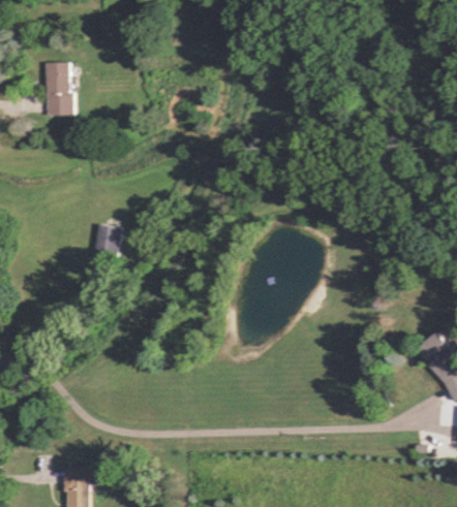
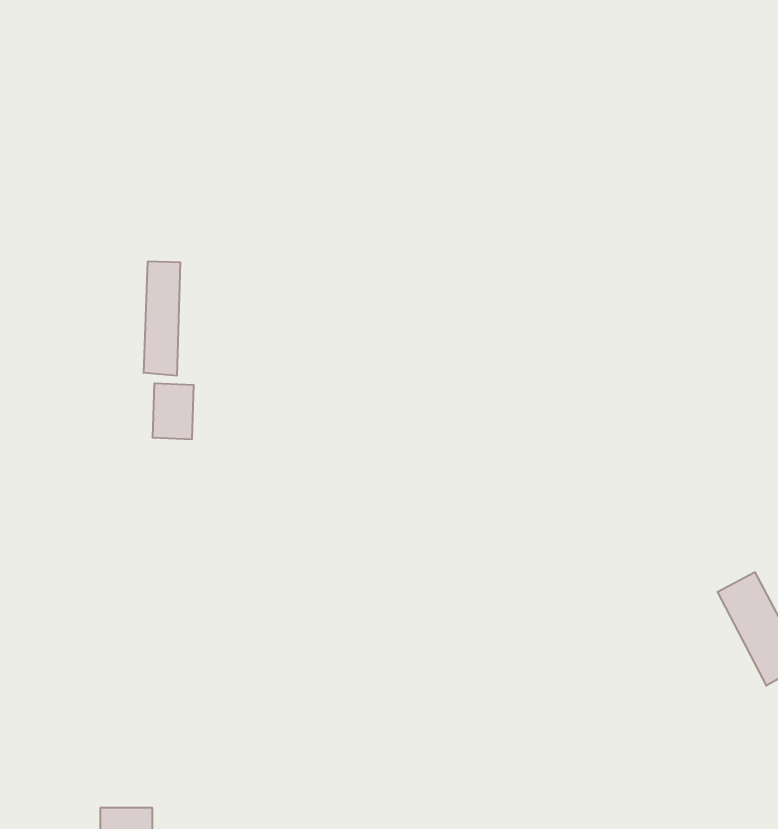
building: [47,61,71,114] -> none
building: none -> [144,261,180,376]

